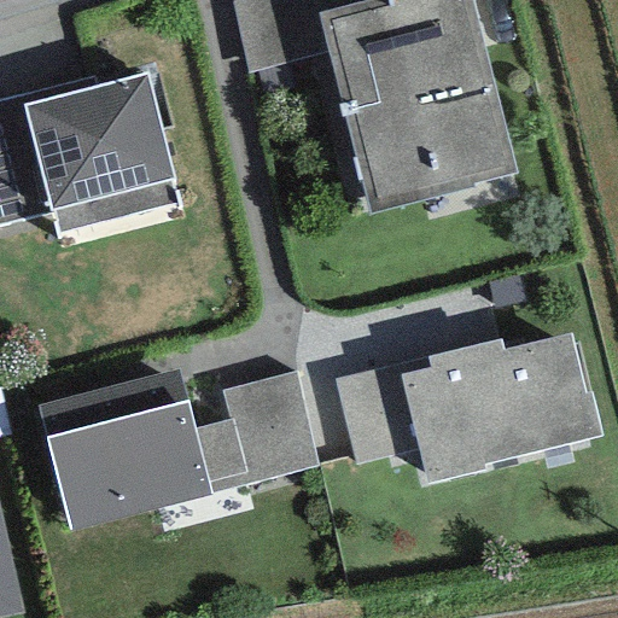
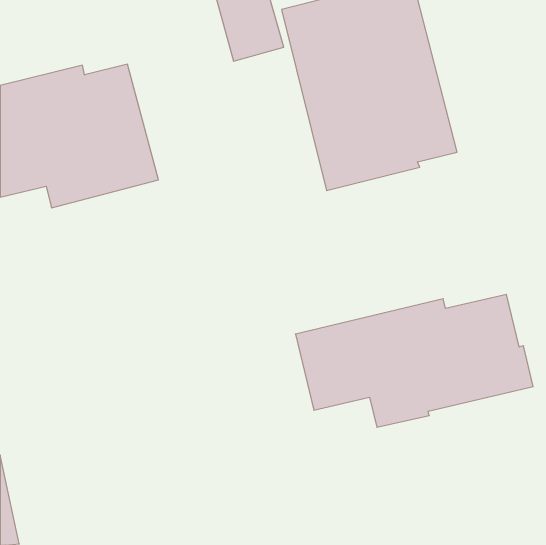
building: [39,368,319,527] -> none

